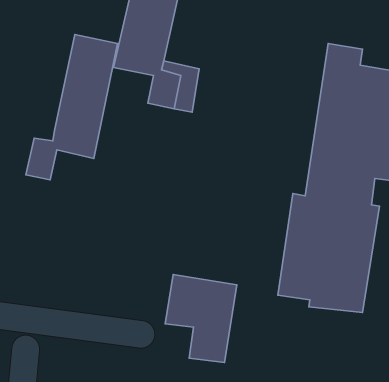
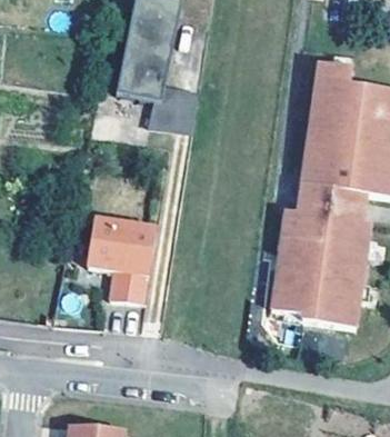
building: [26,35,117,180] -> none
building: [165,274,237,363] -> [86,215,156,300]

